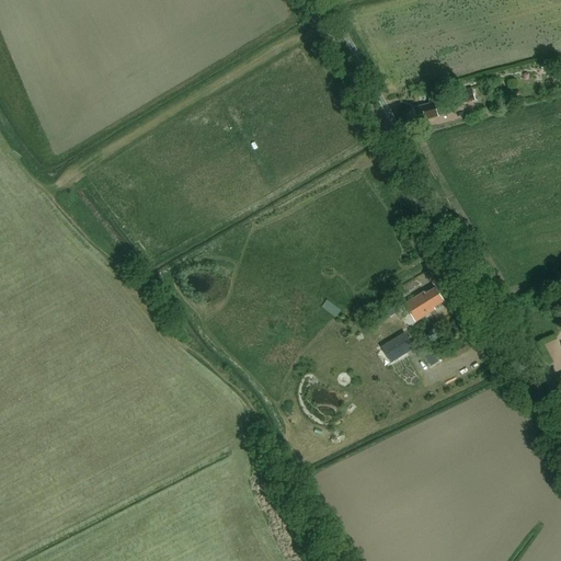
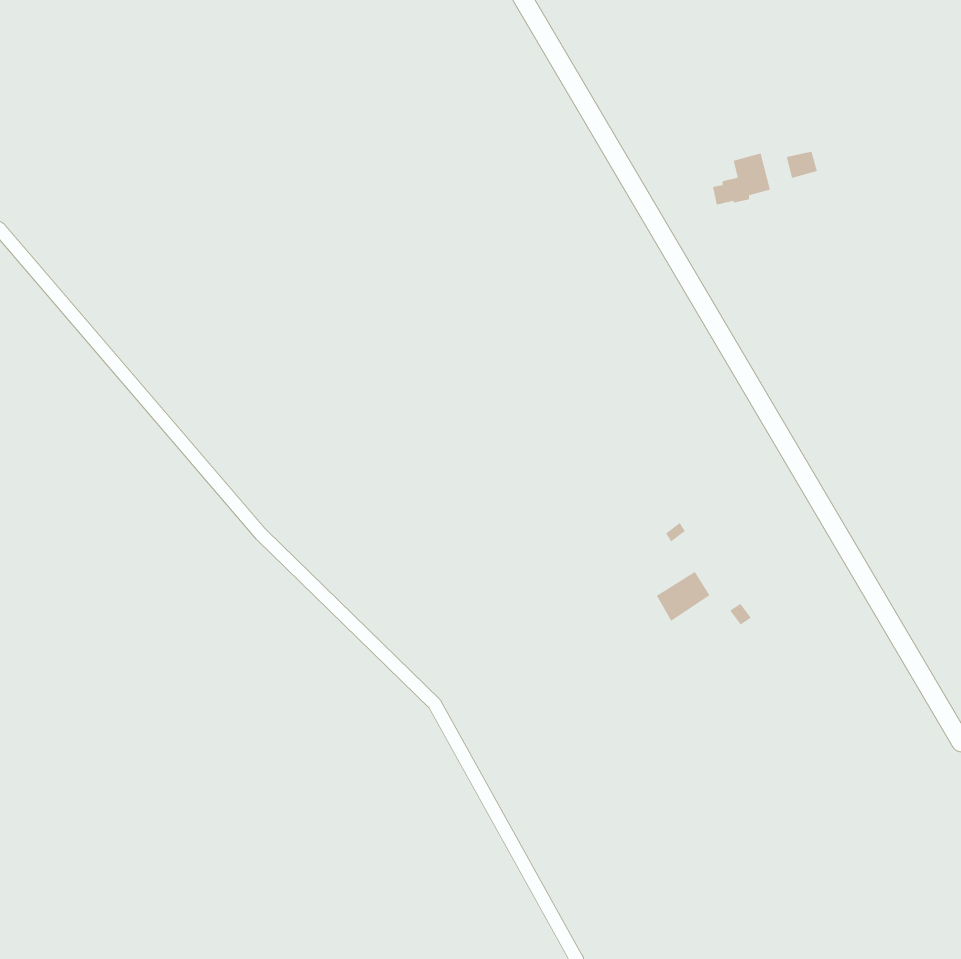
building: [404,286,444,321] -> none

